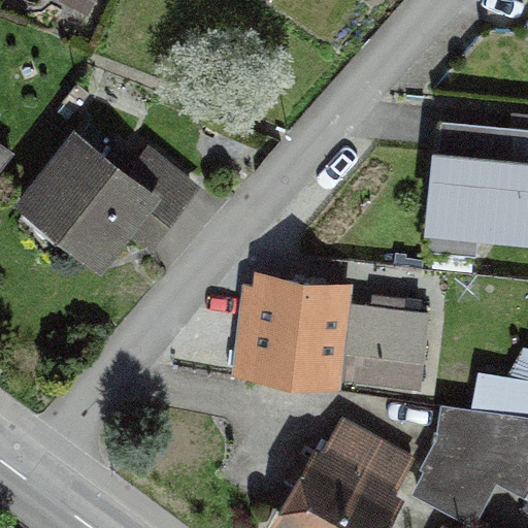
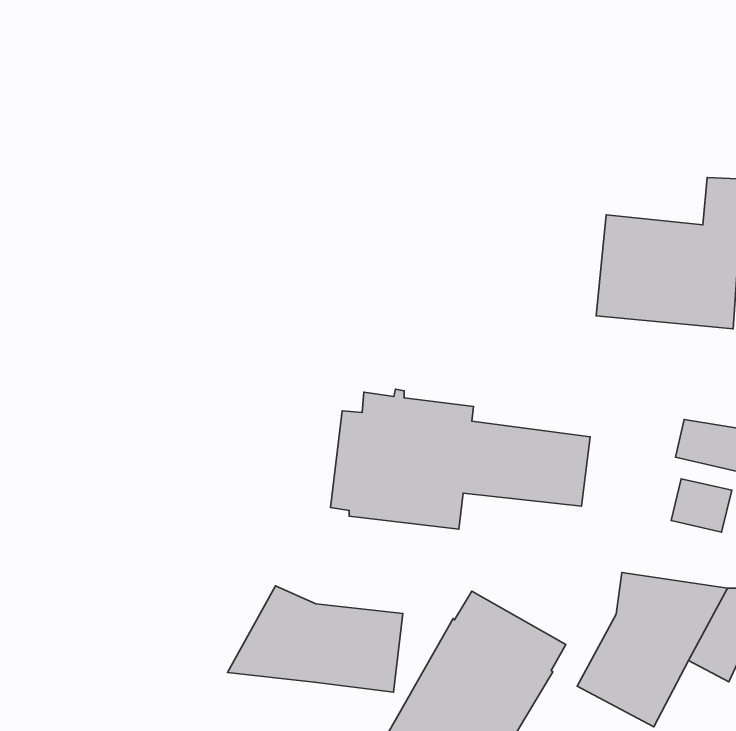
building: [26,144,189,261] -> none
building: none -> [227,586,403,692]

